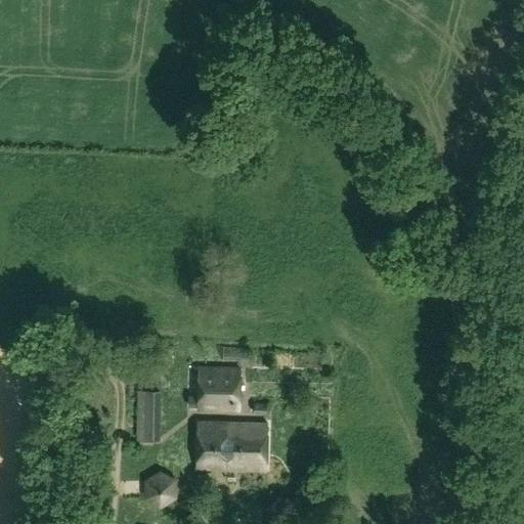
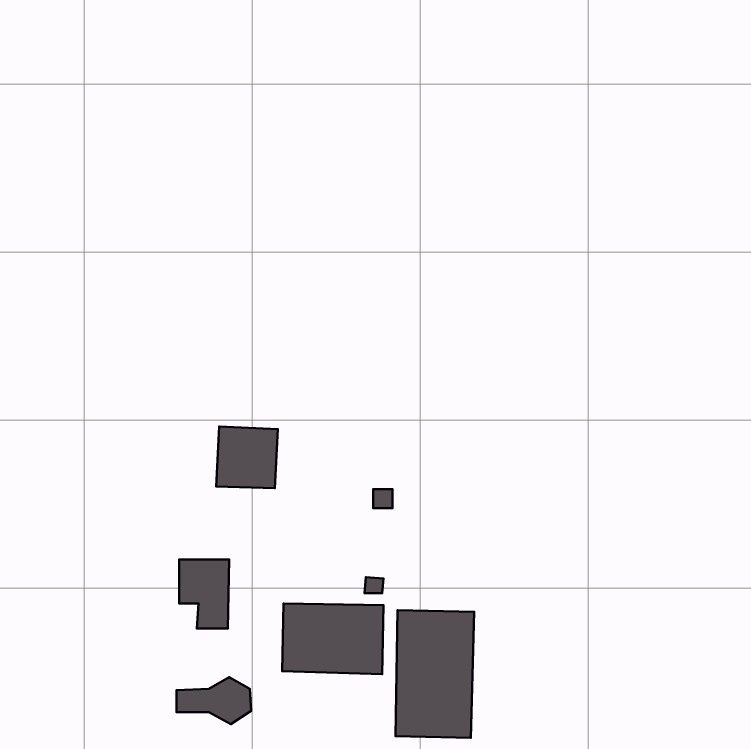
building: [198,366,241,409] -> [216,426,278,488]
building: none -> [396,610,474,738]

